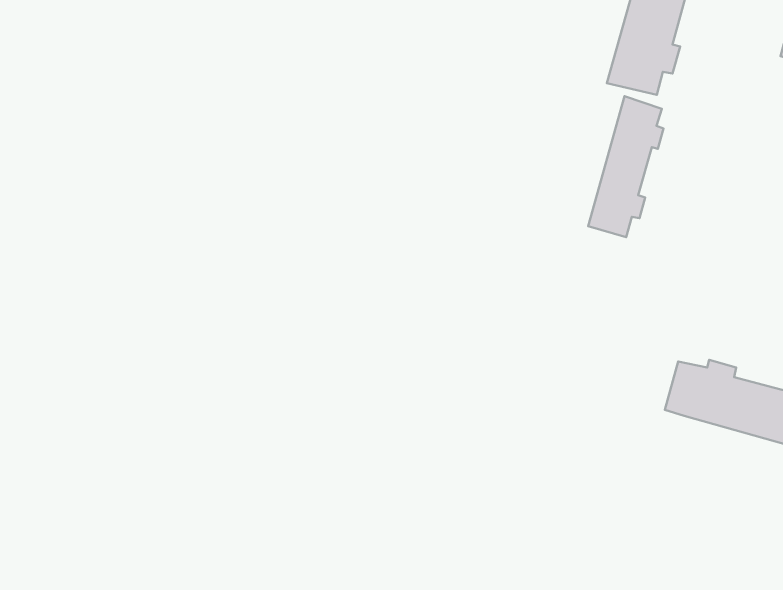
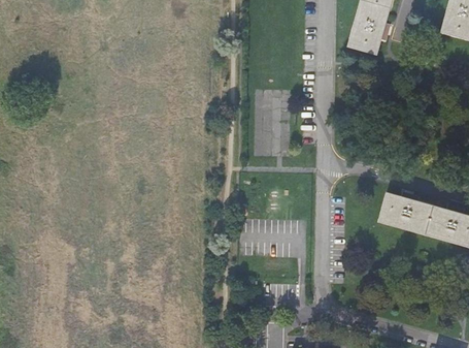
building: [588,96,663,237] -> none

